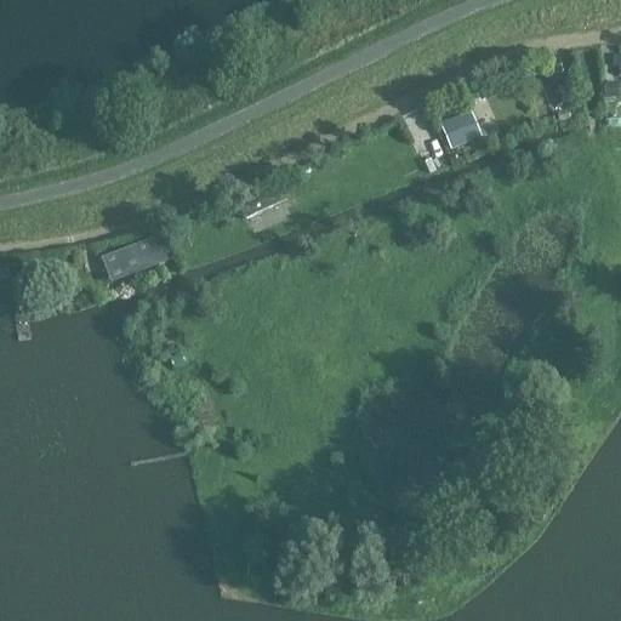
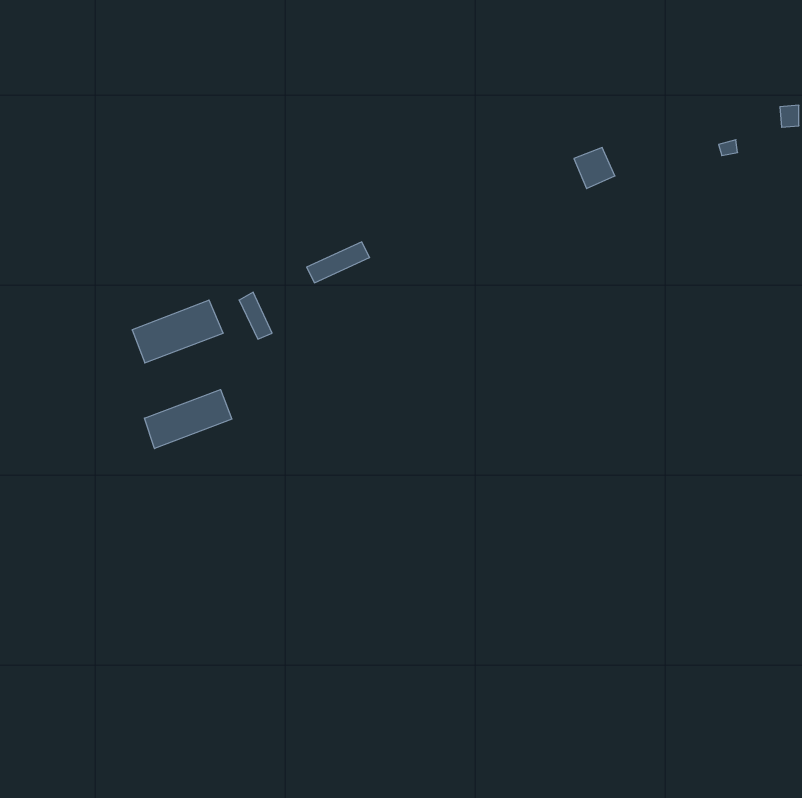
building: none -> [144,390,232,449]

